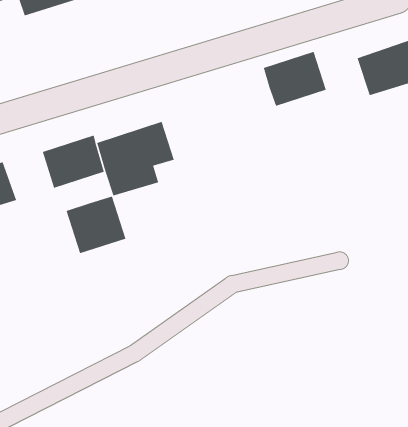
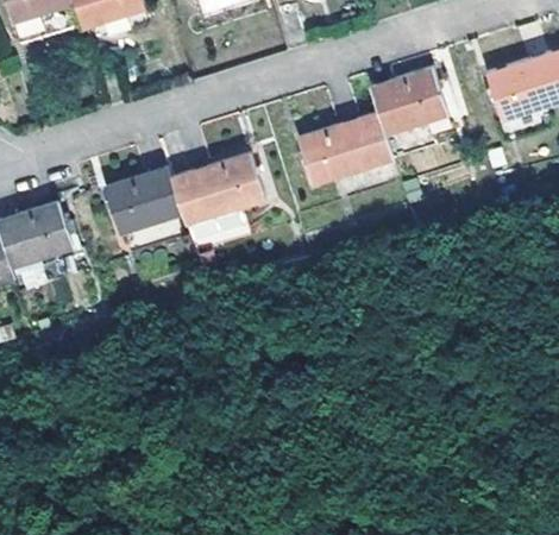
building: none -> [300,111,394,183]
building: [66,196,126,254] -> none

